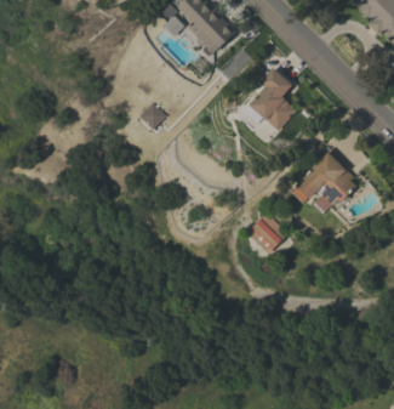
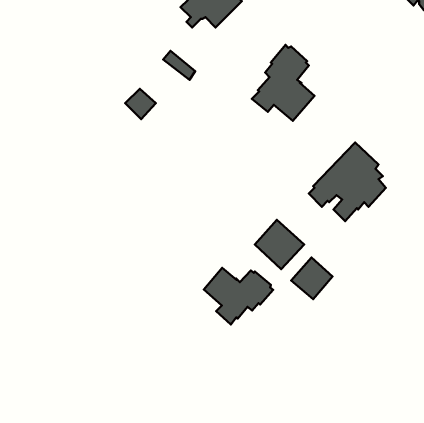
building: none -> [291,258,332,299]
building: none -> [204,268,273,325]

